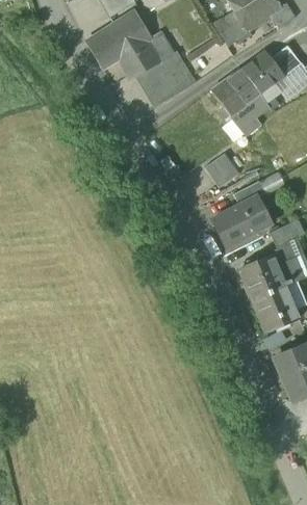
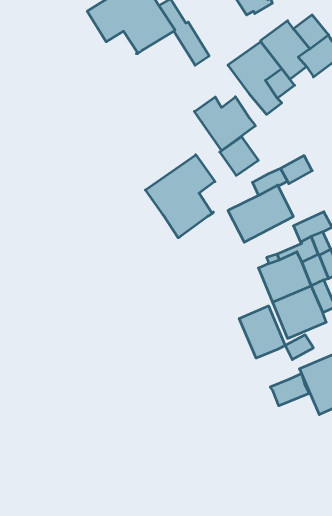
building: [135,60,182,107] -> none
building: none -> [194,97,255,150]
building: none -> [145,155,215,238]
building: none -> [239,306,285,358]
building: none -> [270,374,309,406]

